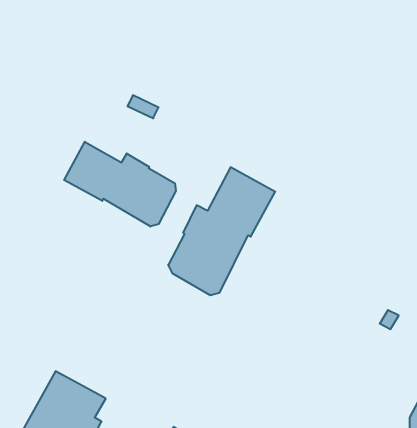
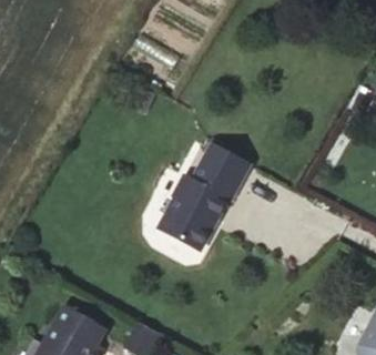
building: [64,142,176,227] -> none

